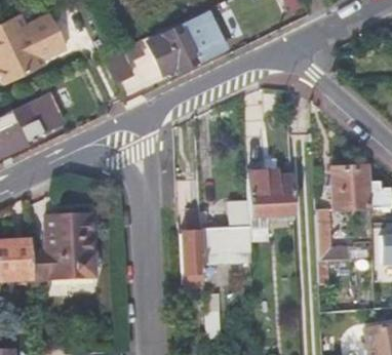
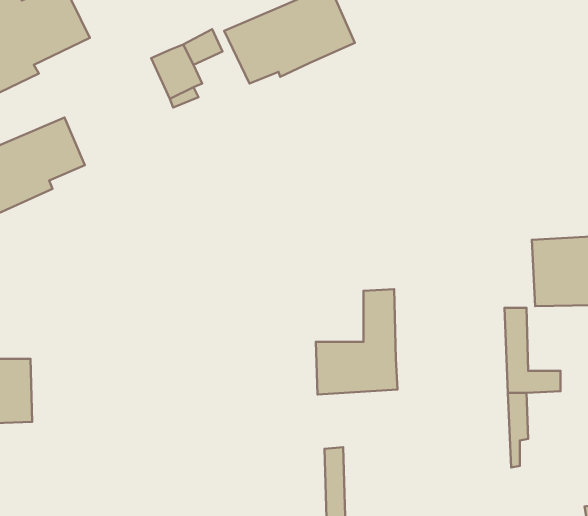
building: [248,159,295,239] -> none
building: [182,208,205,280] -> none
building: [33,212,99,283] -> none

